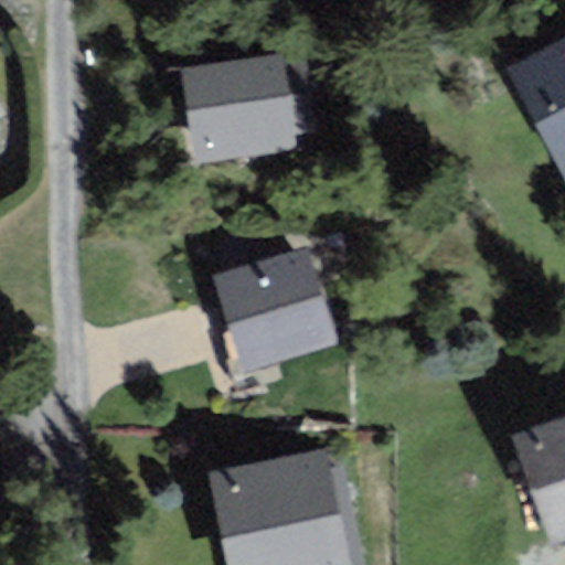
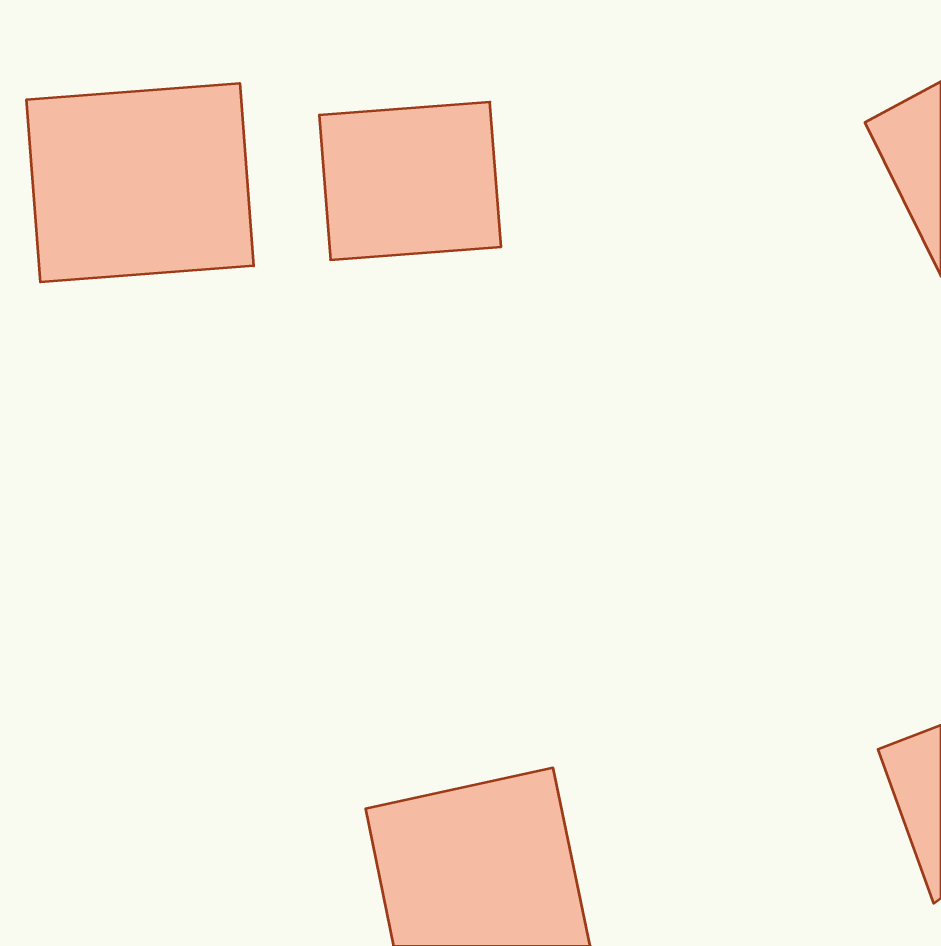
building: none -> [27,83,254,282]
building: [221,256,330,366] -> none

